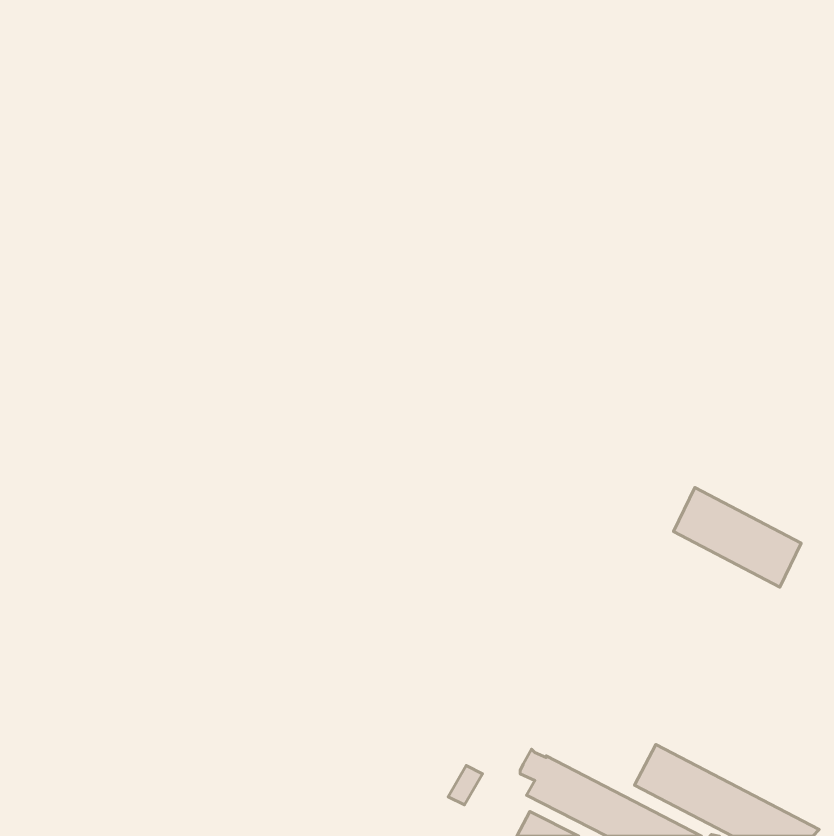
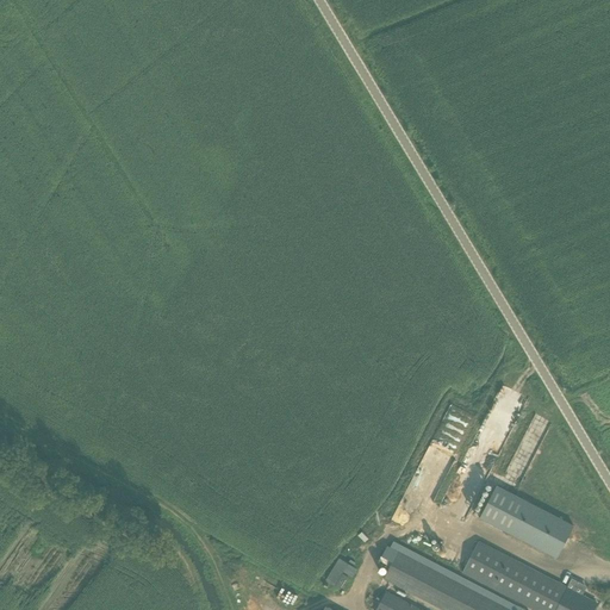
building: [674,487,801,587] -> [481,486,574,559]

